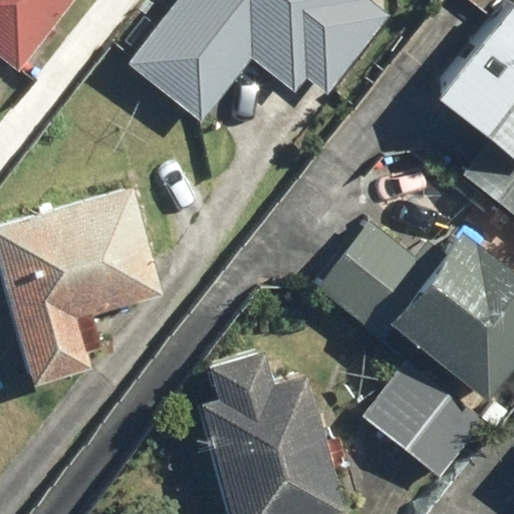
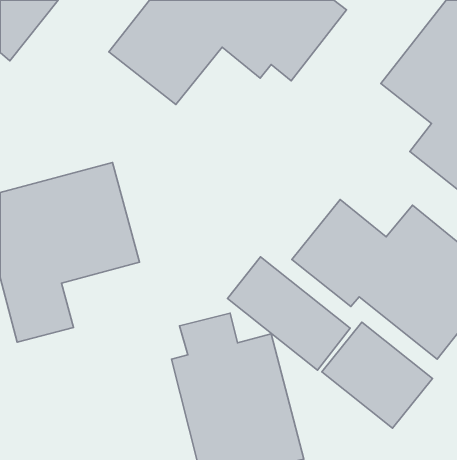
building: none -> [228,257,350,370]

